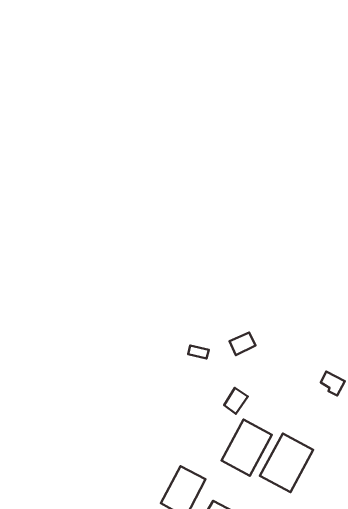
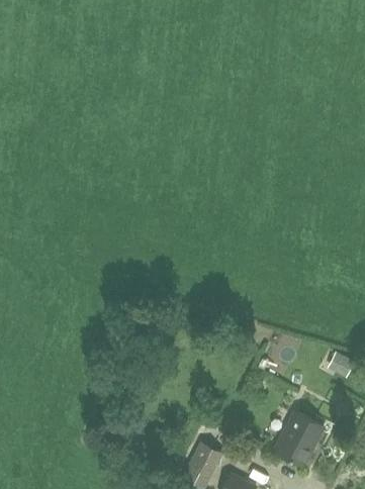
building: [222,419,272,476] -> none

